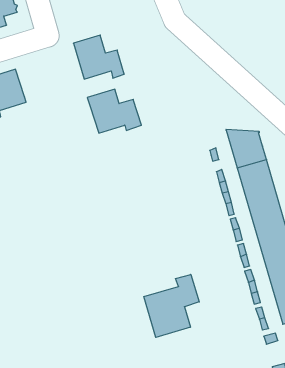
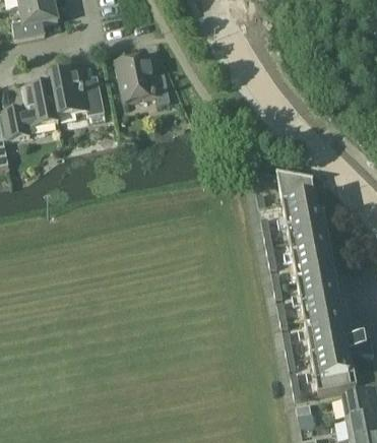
building: [87,89,141,133] -> [49,67,106,114]
building: [144,274,199,337] -> none

